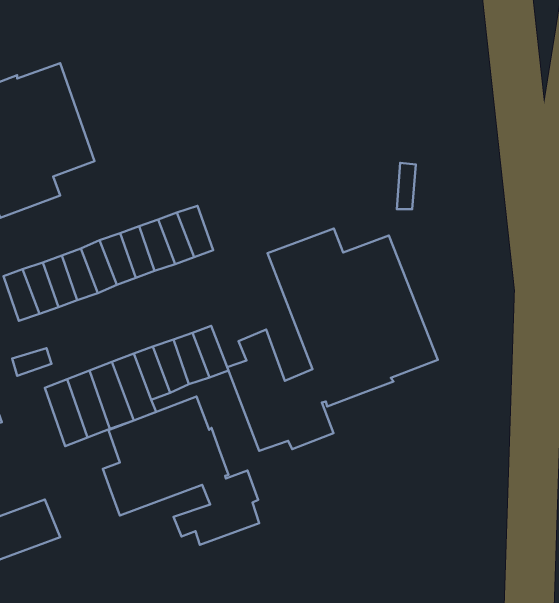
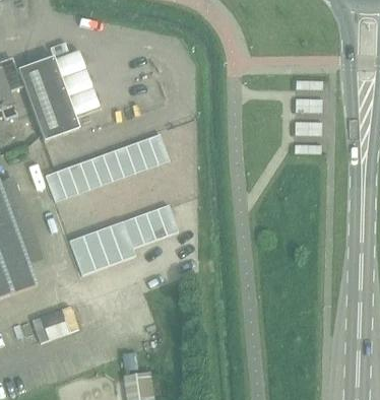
building: [227,228,438,451] -> none
building: [103,397,259,545] -> none

